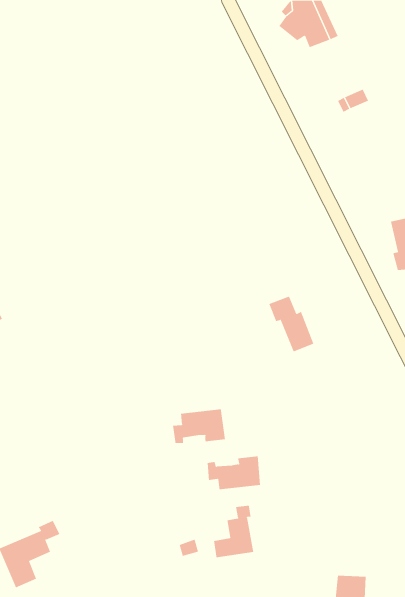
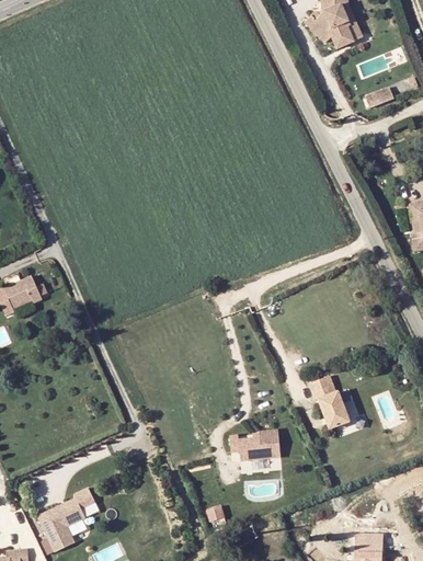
building: [269,296,314,352] -> [312,369,355,422]
building: [172,409,226,444] -> none
building: [213,505,254,558] -> none

